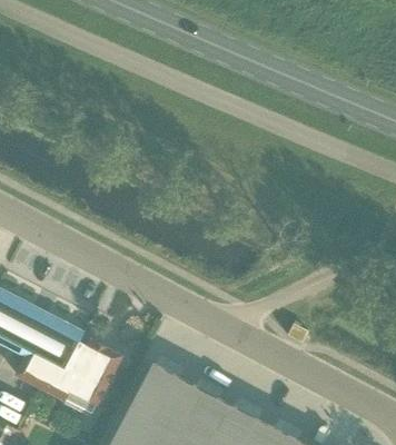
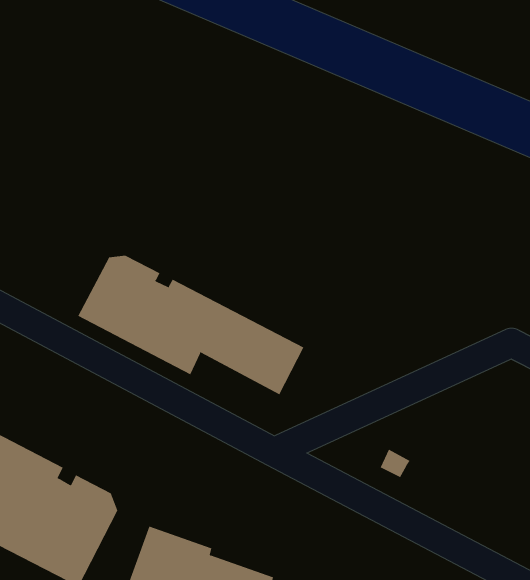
building: none -> [77,255,304,395]

